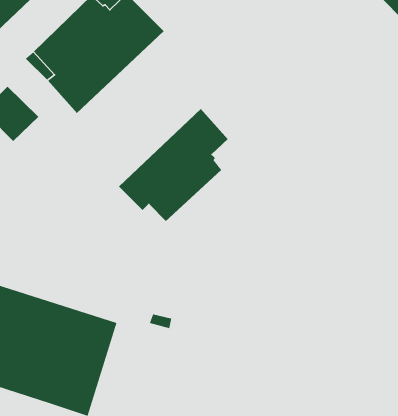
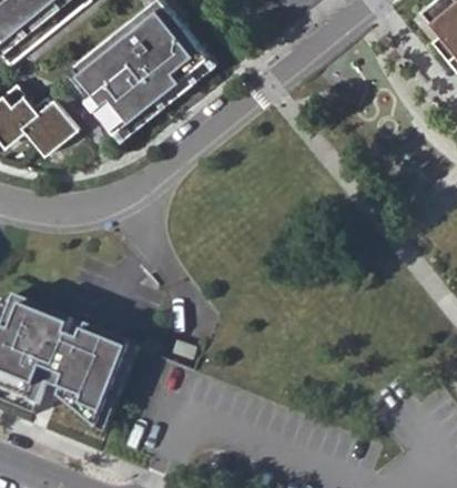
building: [118,108,229,222] -> none

